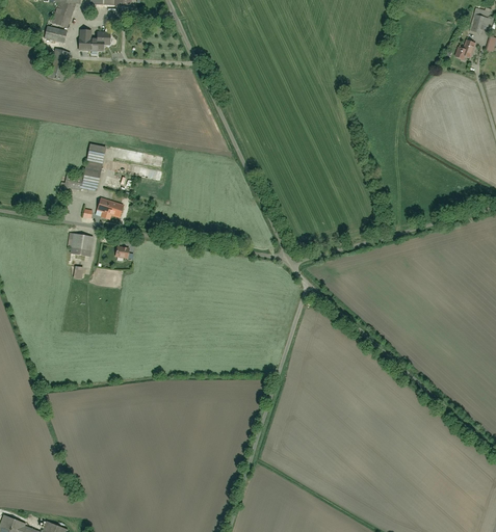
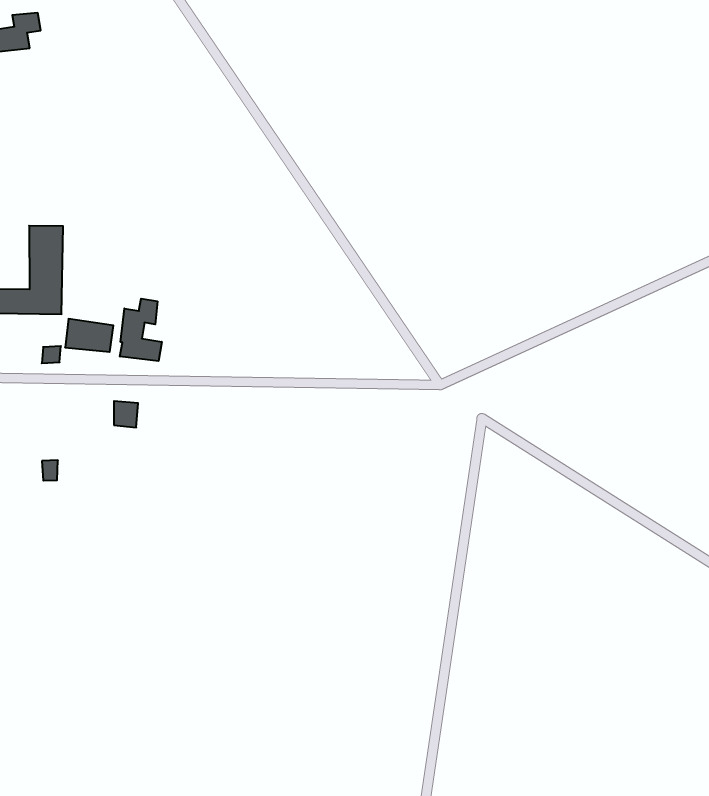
building: none -> [120,299,162,361]
building: [70,233,95,258] -> none

